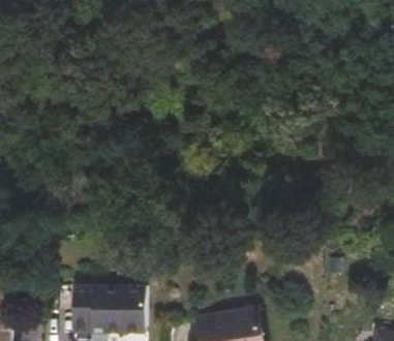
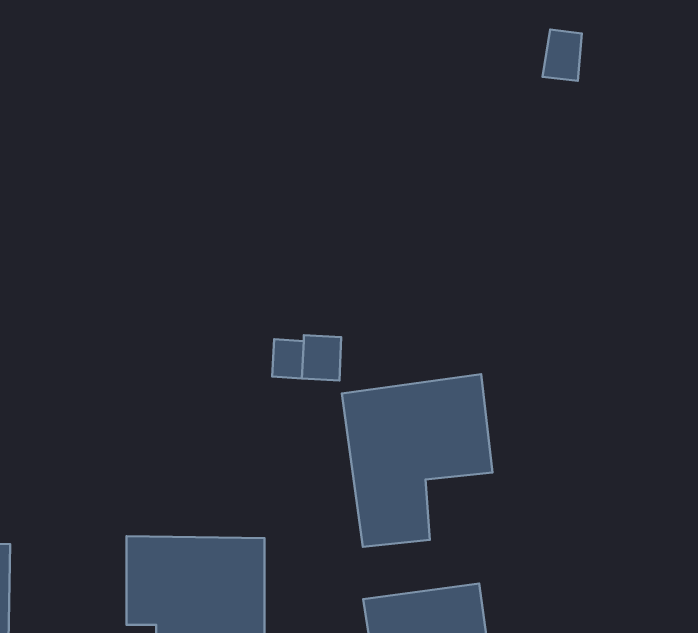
building: none -> [342,374,492,547]

